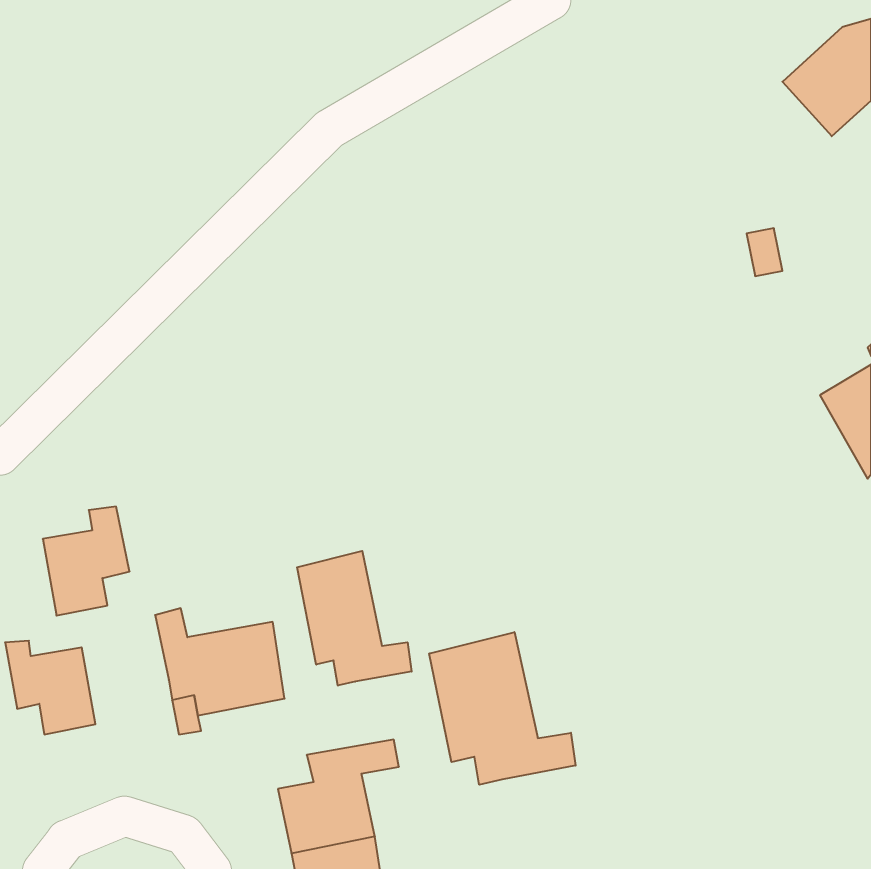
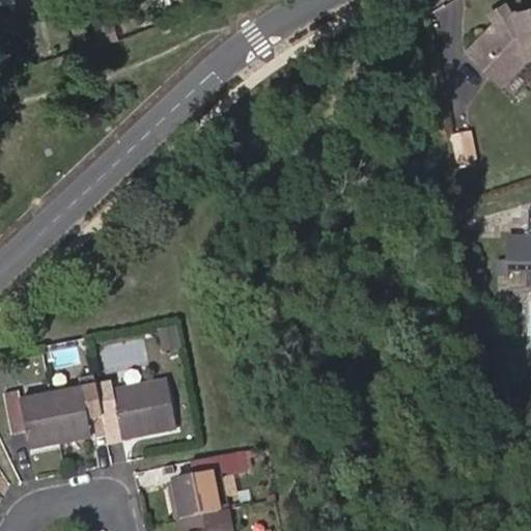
building: [43,507,130,616] -> [50,375,103,442]
building: [297,551,412,686] -> none
building: [429,632,576,785] -> none

